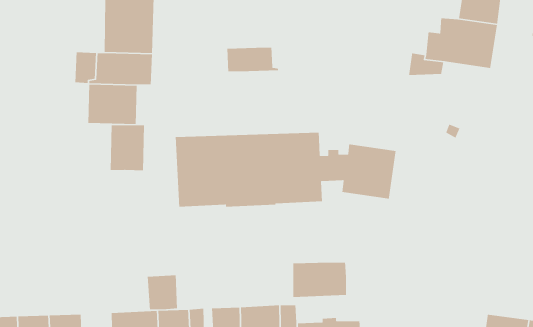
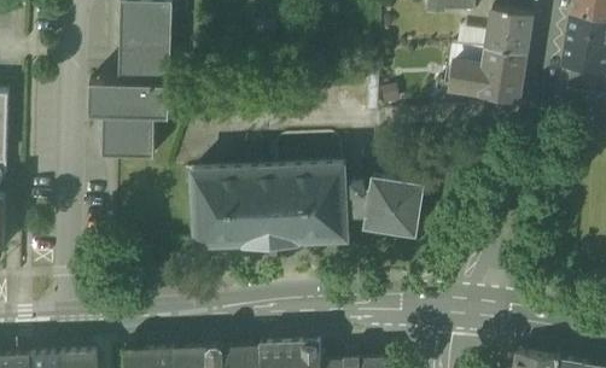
building: [226,47,279,72] -> none
building: [110,124,145,171] -> none
building: [292,262,347,298] -> none
building: [147,275,178,310] -> none

